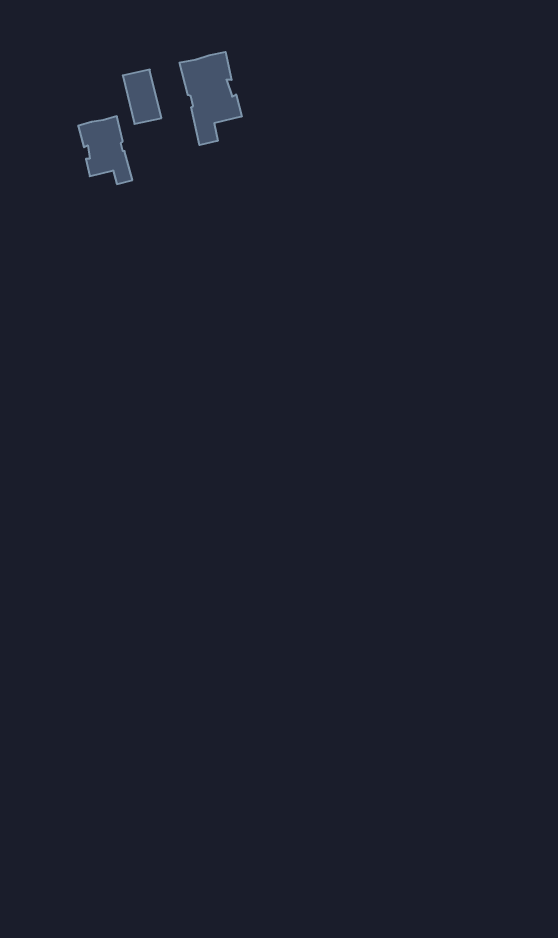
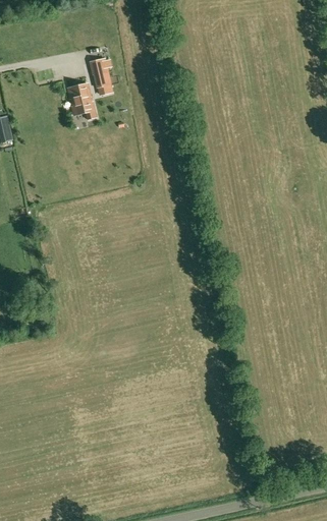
building: [180,52,242,145] -> none

